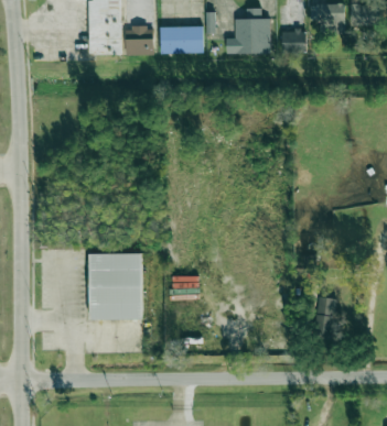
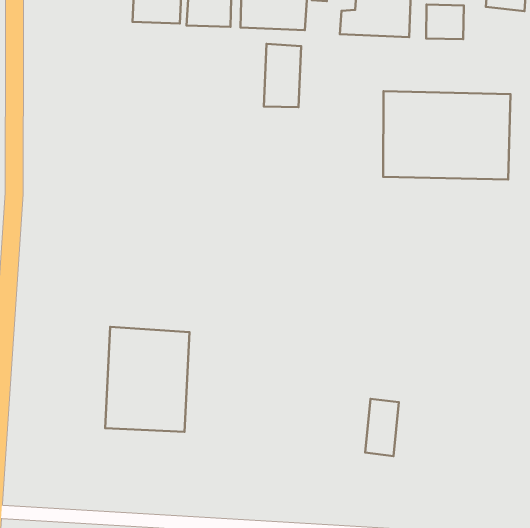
building: none -> [264,44,301,107]
building: none -> [383,91,510,179]
building: [316,297,336,334] -> [365,399,399,456]

